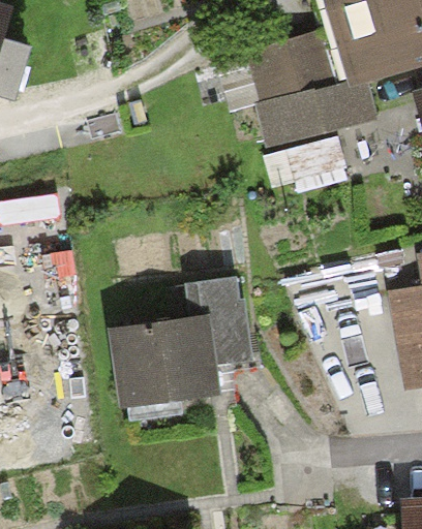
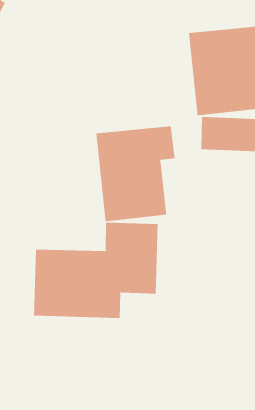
building: none -> [96,126,175,222]

